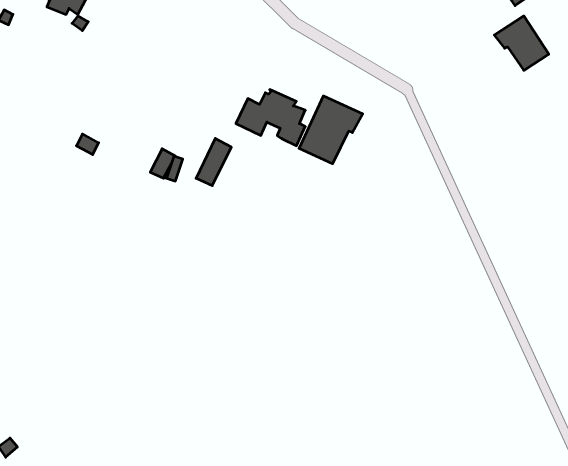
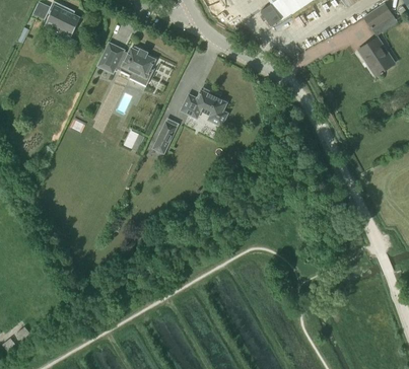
building: none -> [97,43,155,81]
building: [299,96,363,164] -> none

